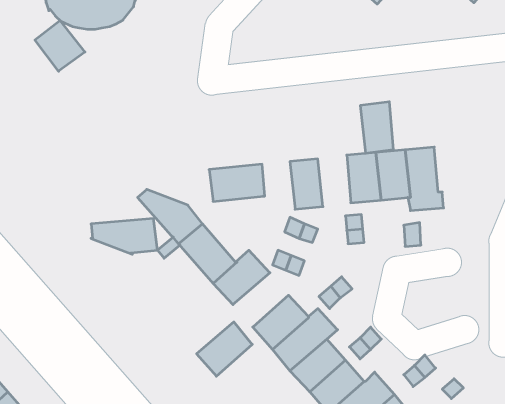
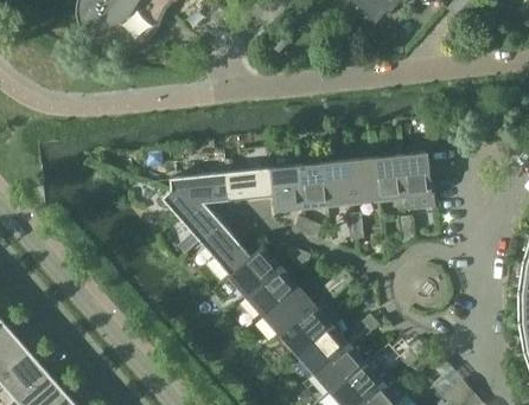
building: [35,21,85,71] -> none
building: [360,102,393,153] -> [323,160,352,206]
building: none -> [273,166,302,211]
building: [91,219,157,254] -> [170,173,229,205]
building: [197,322,252,376] -> [247,265,297,314]

